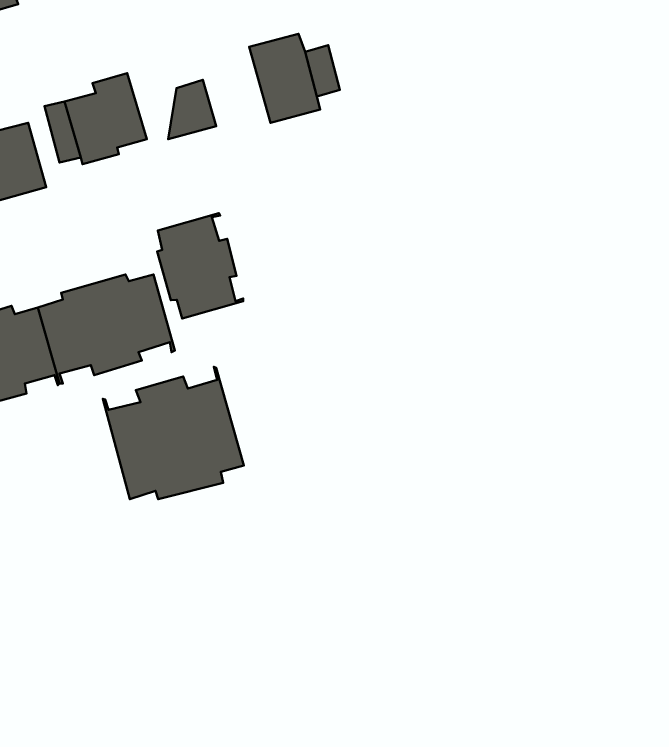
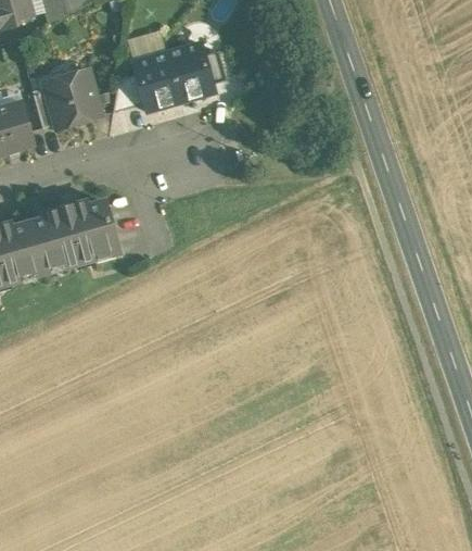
building: none -> [133,51,181,111]
building: [157,213,243,318] -> none
building: [103,367,244,499] -> none

